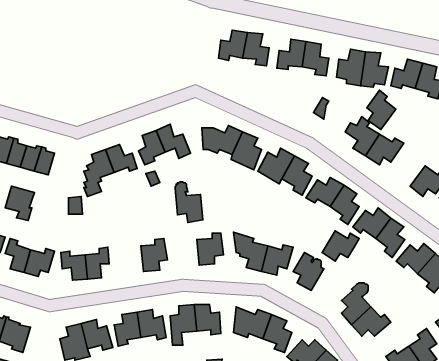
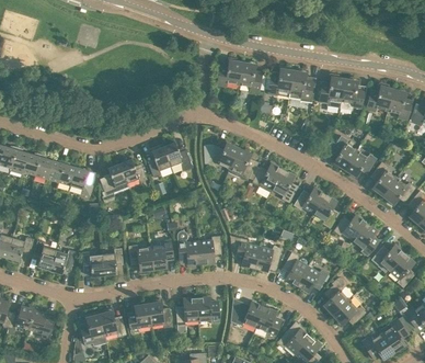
building: [367,90,396,129] -> [370,160,395,194]
building: [175,182,203,222] -> [176,229,200,264]
building: [5,186,34,220] -> [70,166,95,195]
building: [322,231,359,261] -> [297,265,329,292]
building: none -> [128,243,152,270]

